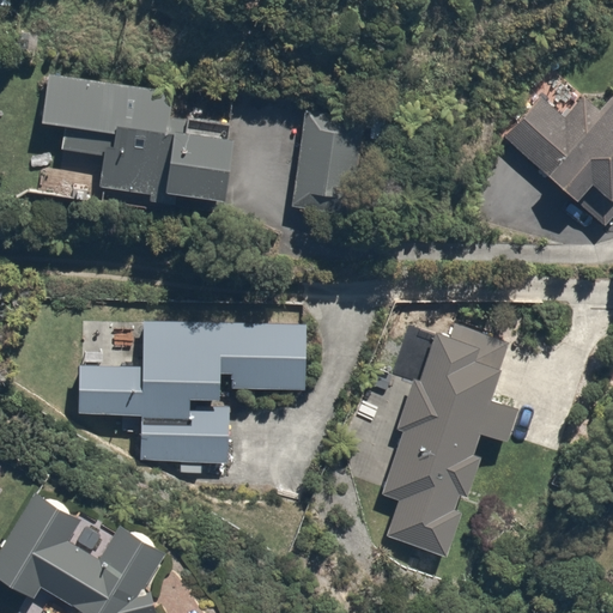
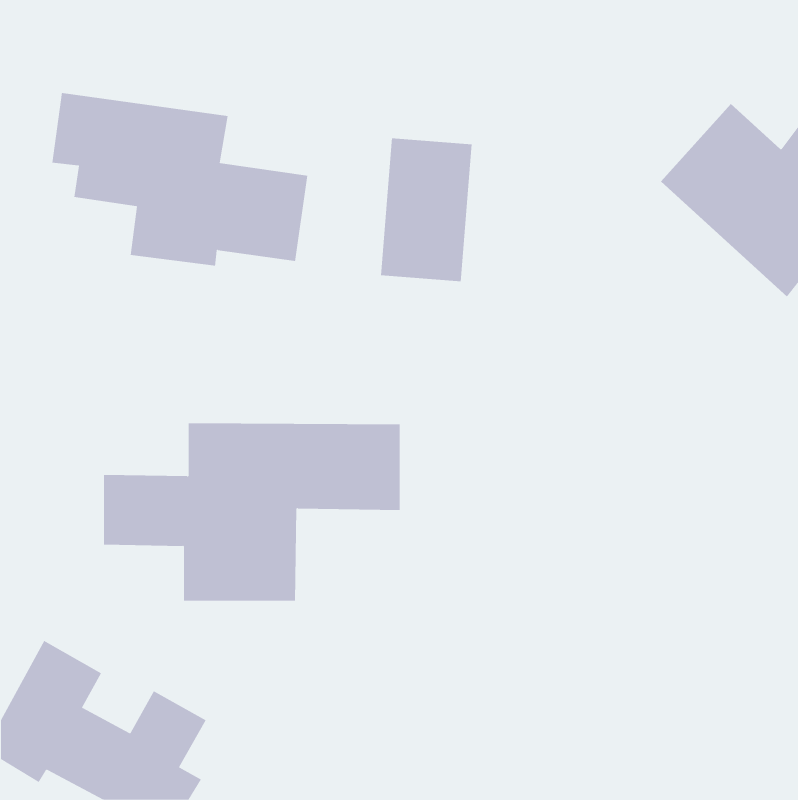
building: [380,327,516,554] -> none

